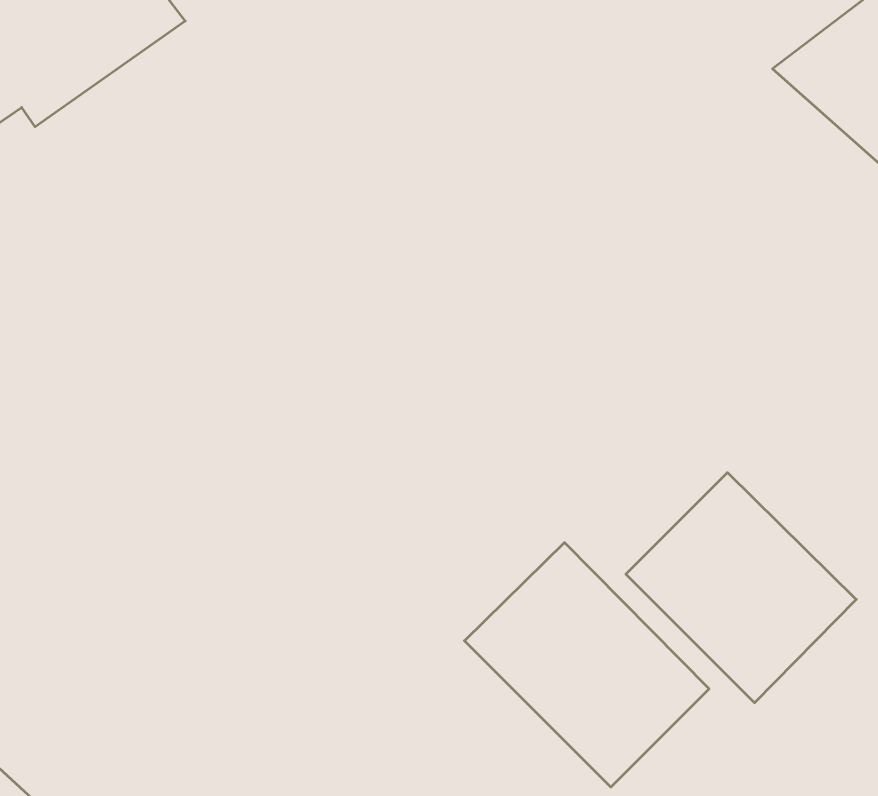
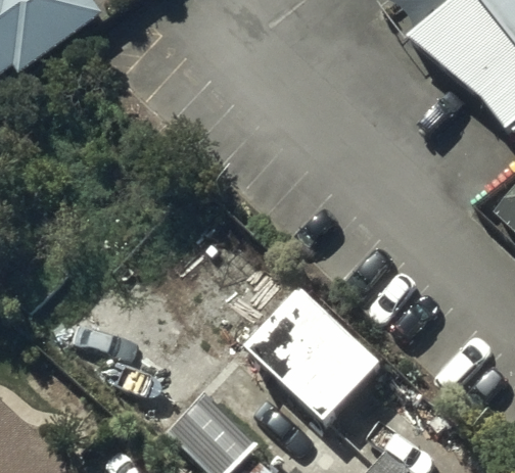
building: [626,473,856,703] -> none

